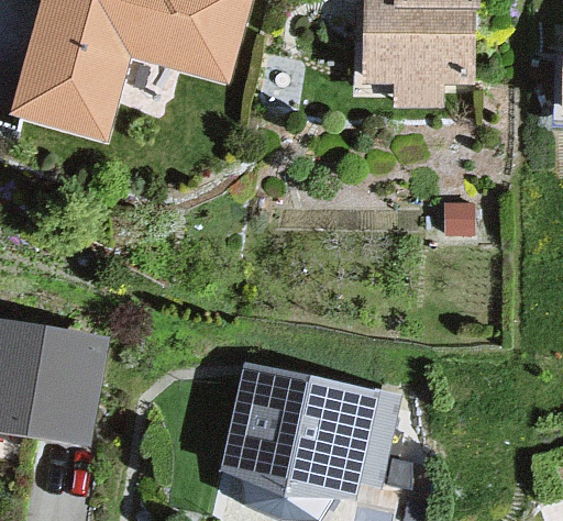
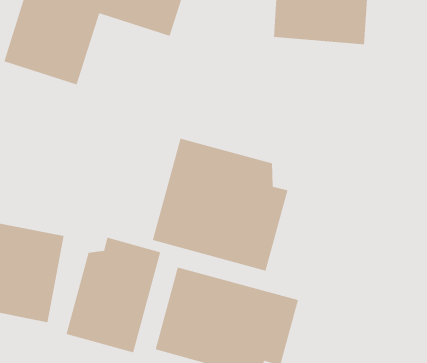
building: none -> [152,138,288,271]
building: none -> [66,237,161,353]

